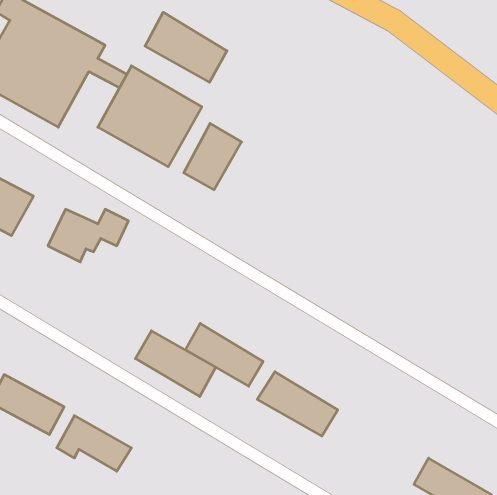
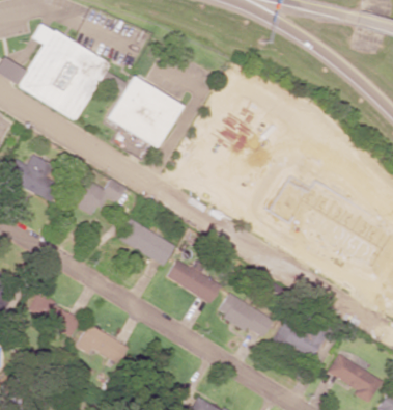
building: [145,12,227,82] -> none
building: [184,123,242,190] -> none
building: [135,331,216,397] -> [118,219,175,266]
building: none -> [277,318,332,358]

